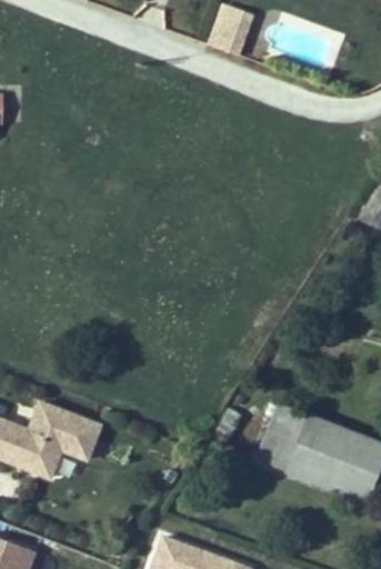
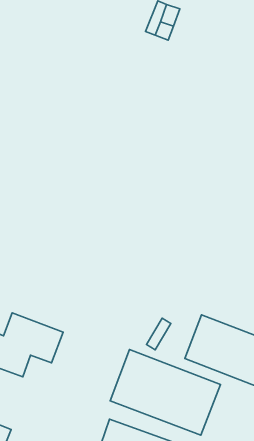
building: none -> [110,349,221,435]

